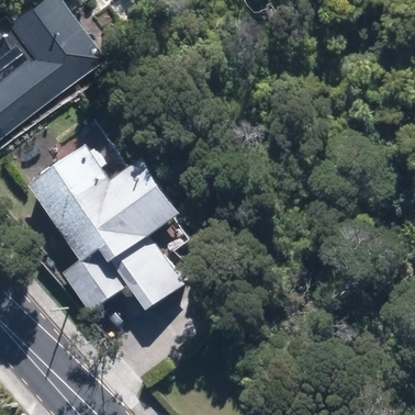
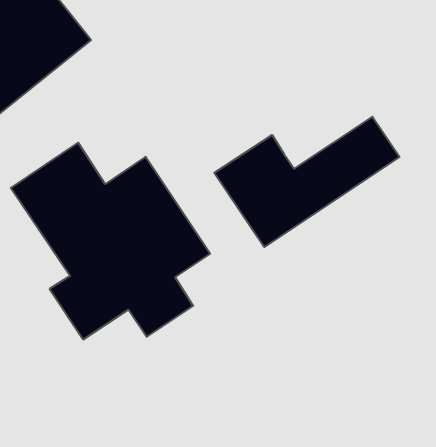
building: none -> [214,117,400,247]

